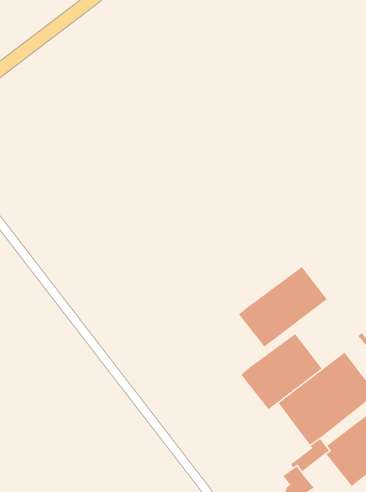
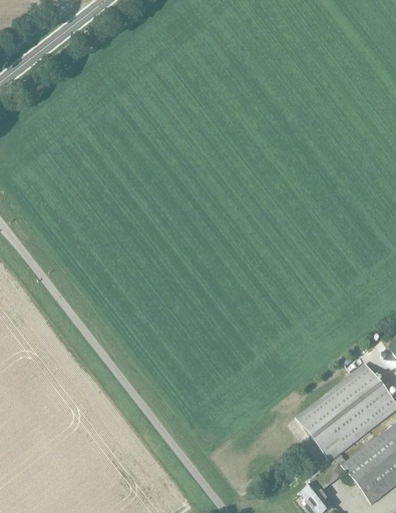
building: [238,266,327,348] -> none
building: [240,333,323,410] -> none

